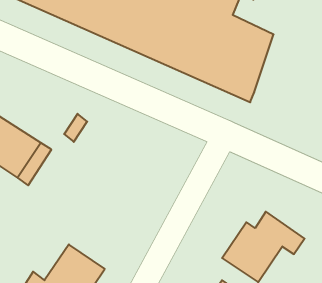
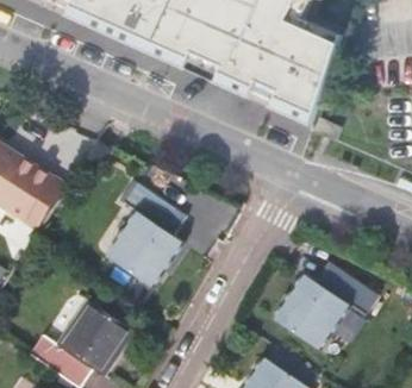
building: none -> [108,183,185,286]

